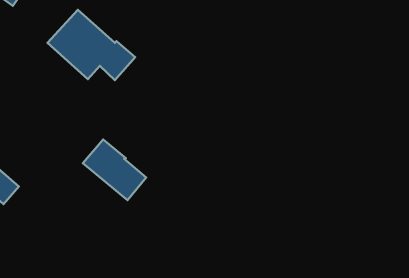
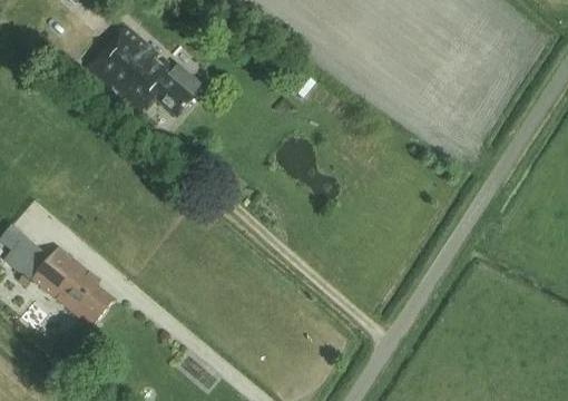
building: [83,140,146,200] -> [32,246,116,326]

